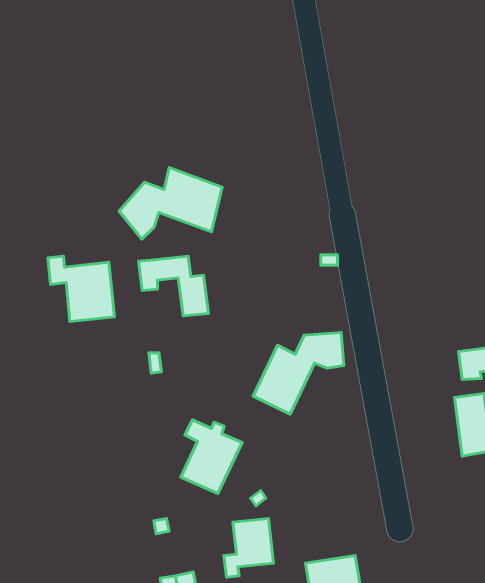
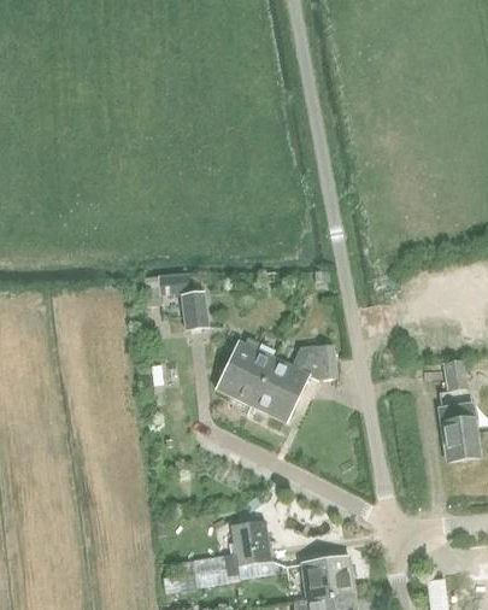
building: [119,168,222,239] -> none
building: [48,256,114,322] -> none
building: [181,420,242,494] -> [216,335,274,405]

